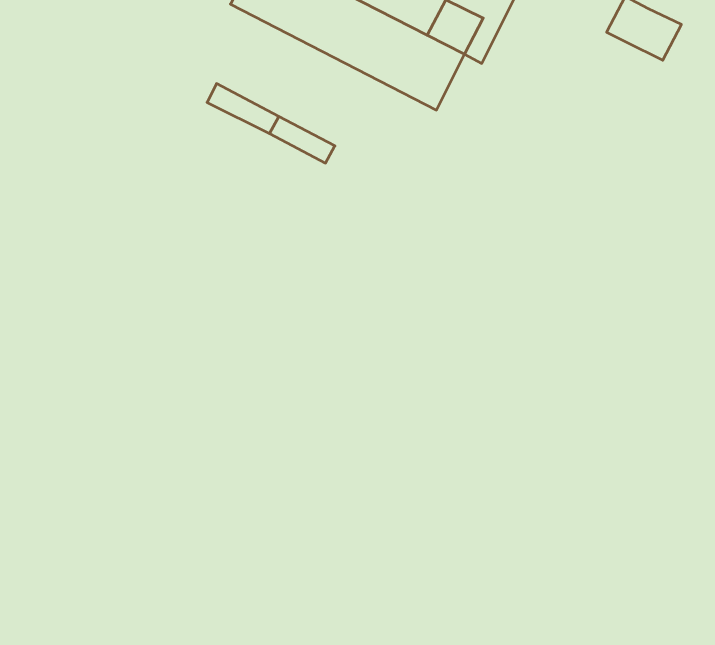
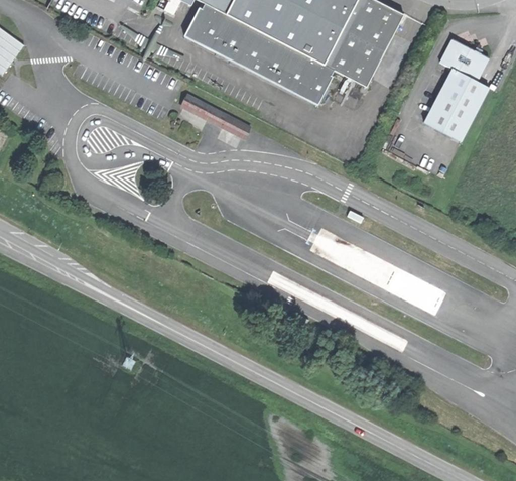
building: none -> [424,67,488,139]

